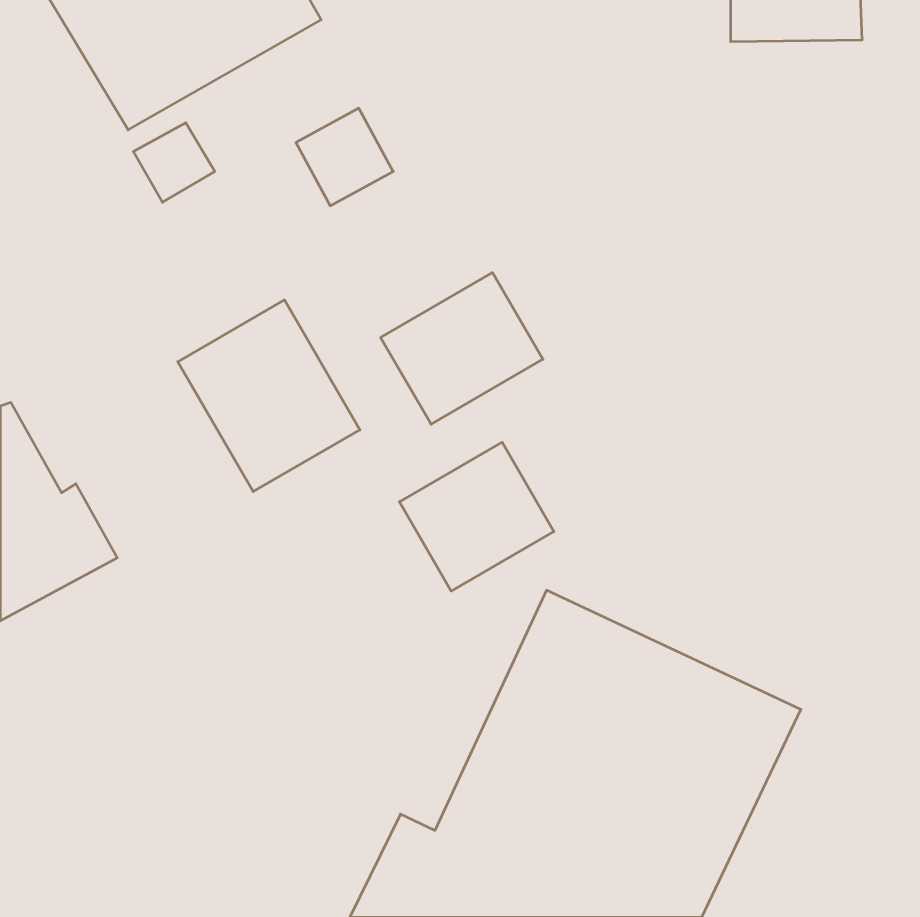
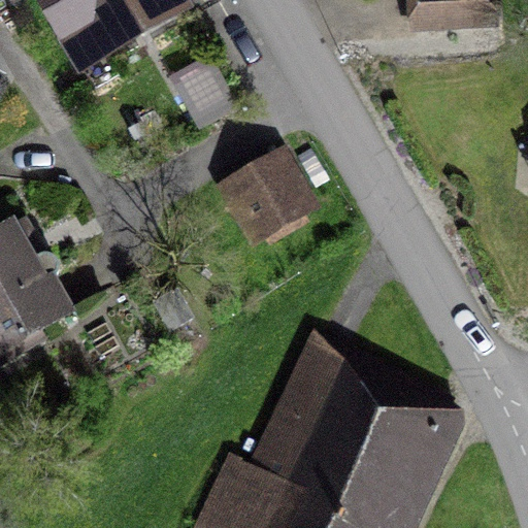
building: [178,300,360,492] -> none
building: [399,442,554,591] -> none

